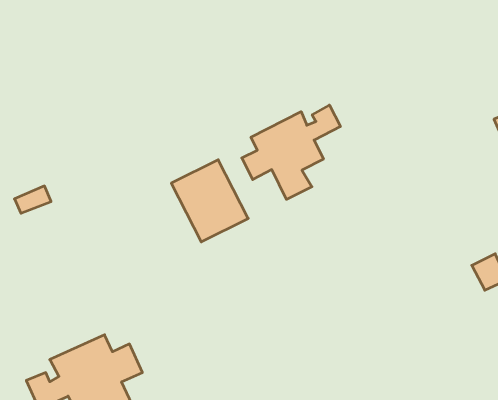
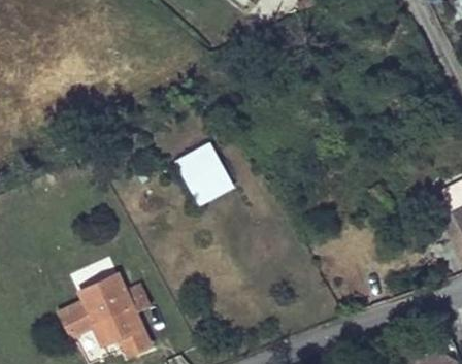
building: [242,105,340,199] -> none

